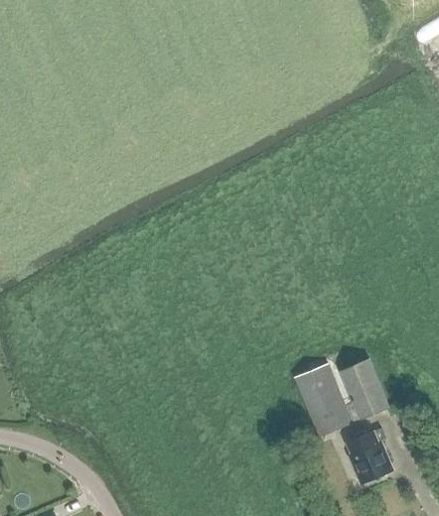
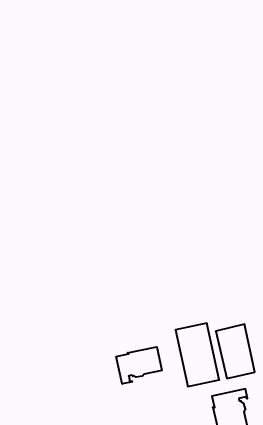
building: none -> [116,347,162,384]

